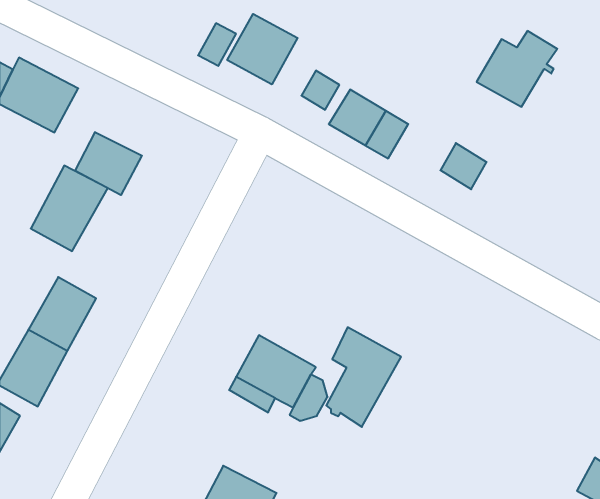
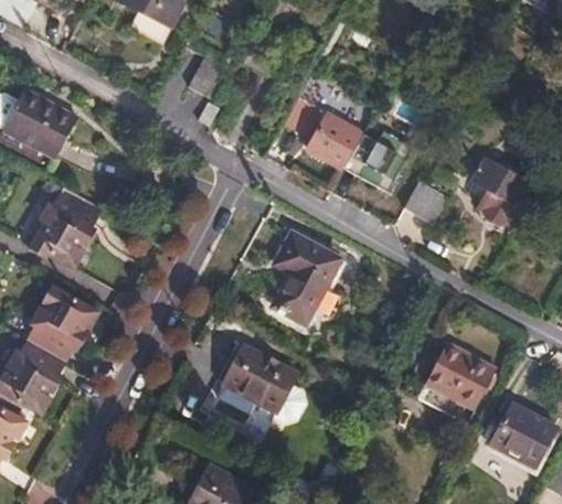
building: [227,14,298,84] -> none
building: [477,31,557,107] -> [464,151,539,222]
building: [75,132,142,195] -> none
building: [326,327,401,427] -> [272,230,341,323]
building: none -> [423,340,496,412]
building: none -> [488,405,555,469]

